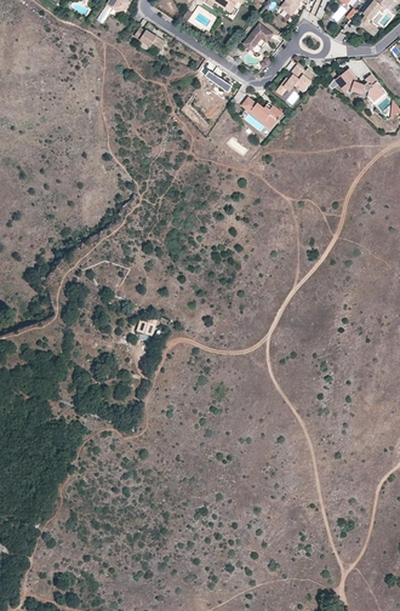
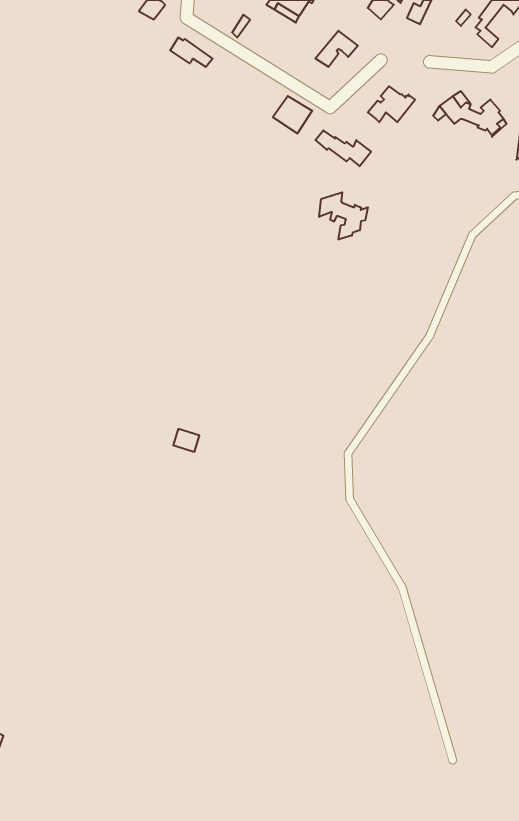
building: none -> [319,192,368,240]

